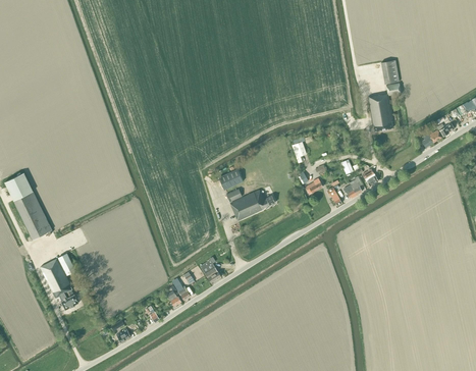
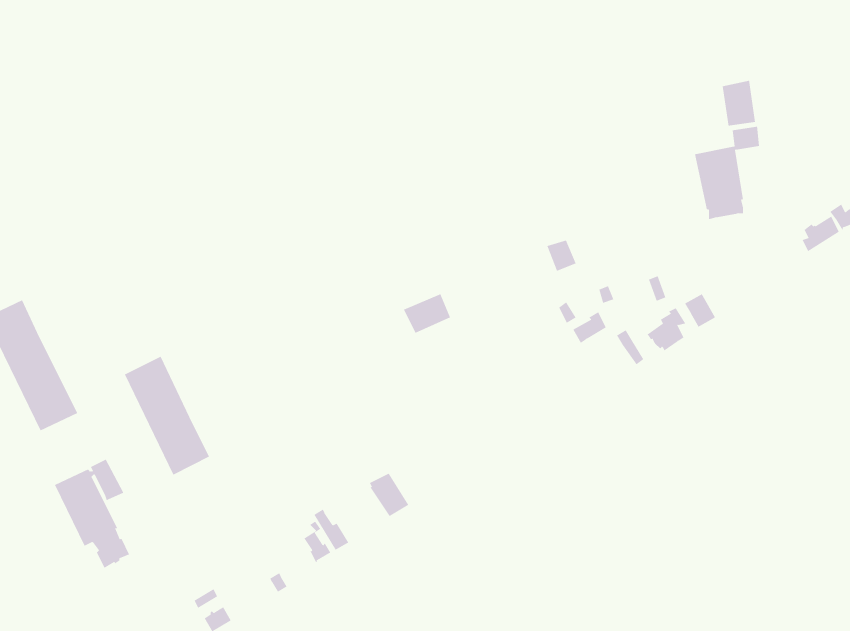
building: [226,189,275,221] -> none
building: none -> [124,356,210,475]

